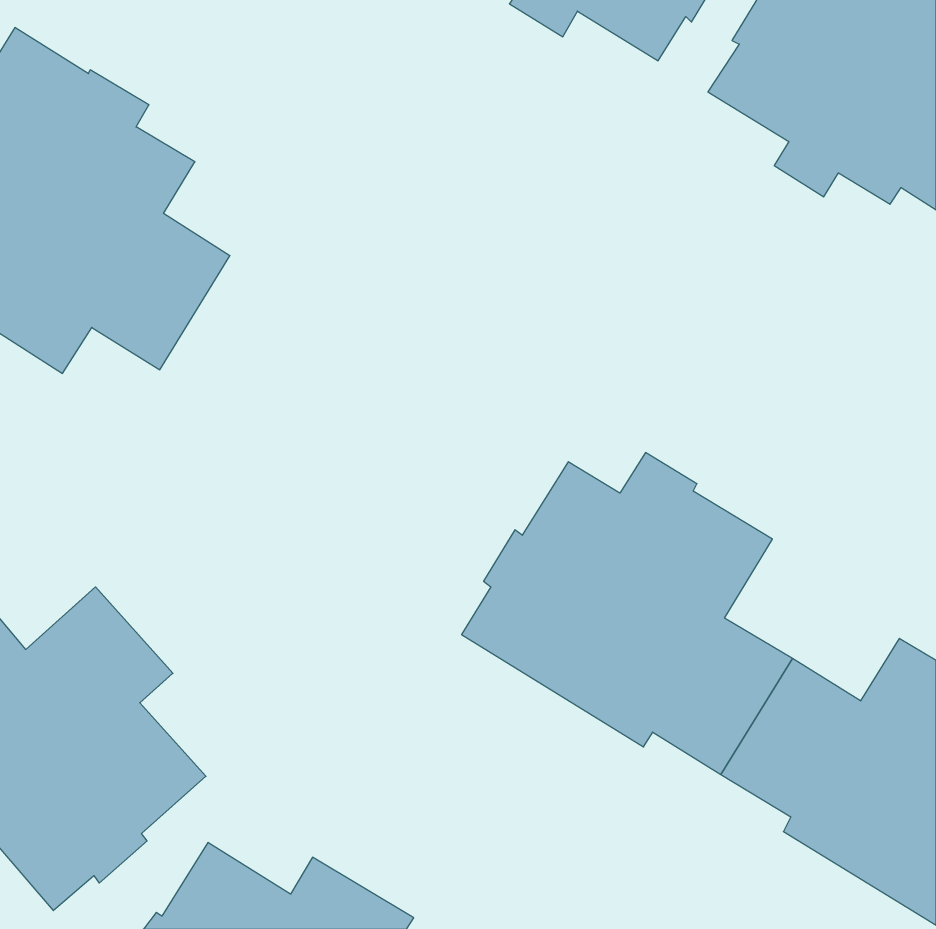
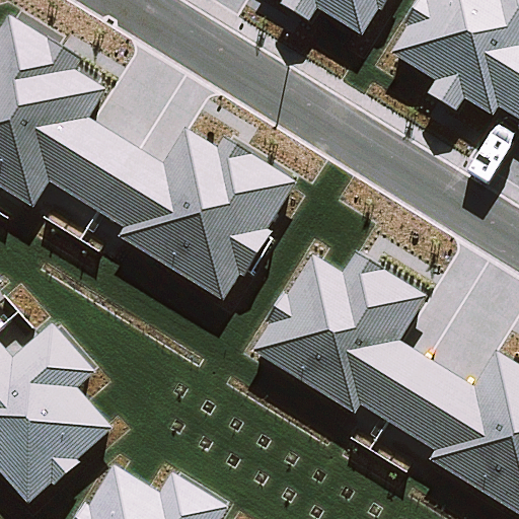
building: none -> [88,129,298,299]

